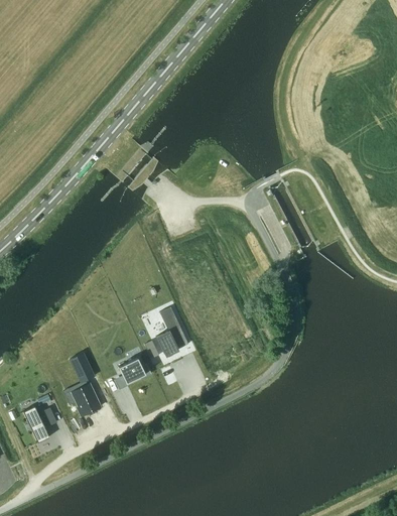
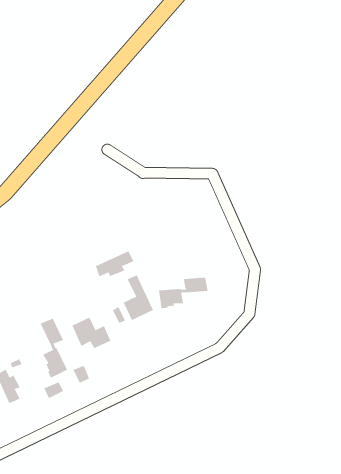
building: none -> [95,251,134,277]
building: none -> [159,277,208,309]

